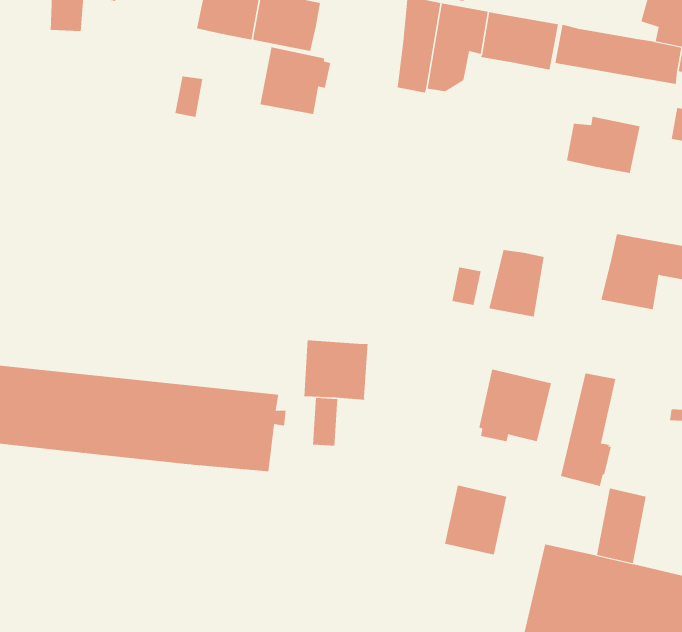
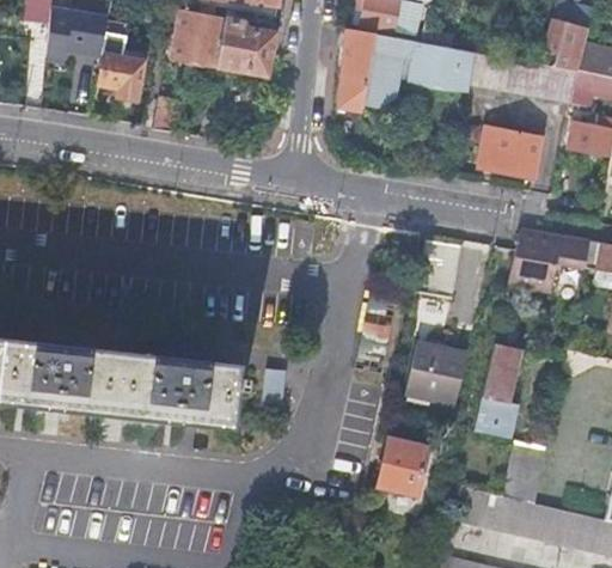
building: none -> [98,51,146,100]
building: [260,47,331,115] -> none
building: [304,339,368,401] -> none

